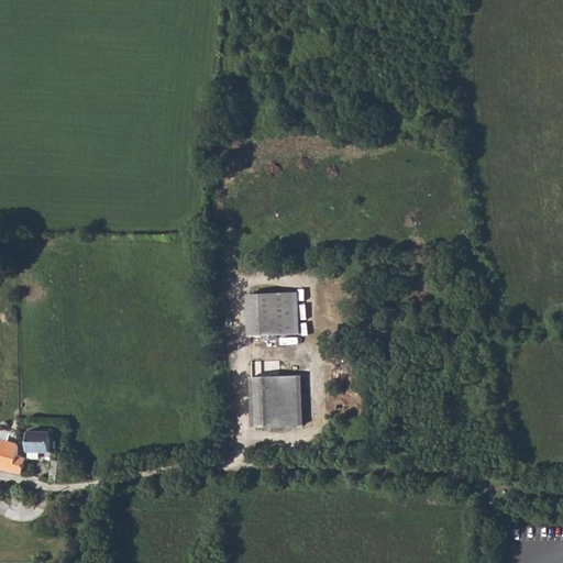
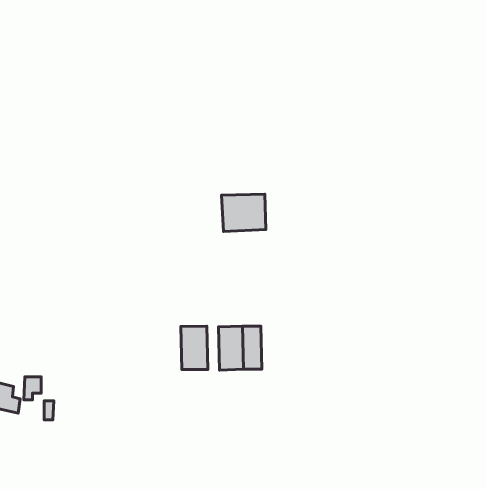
building: [247,292,298,335] -> [222,194,266,232]
building: none -> [181,326,208,370]

